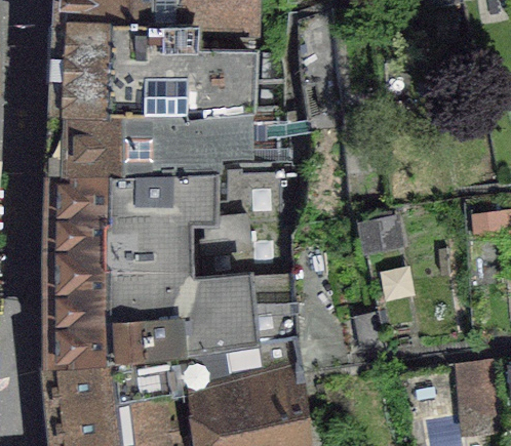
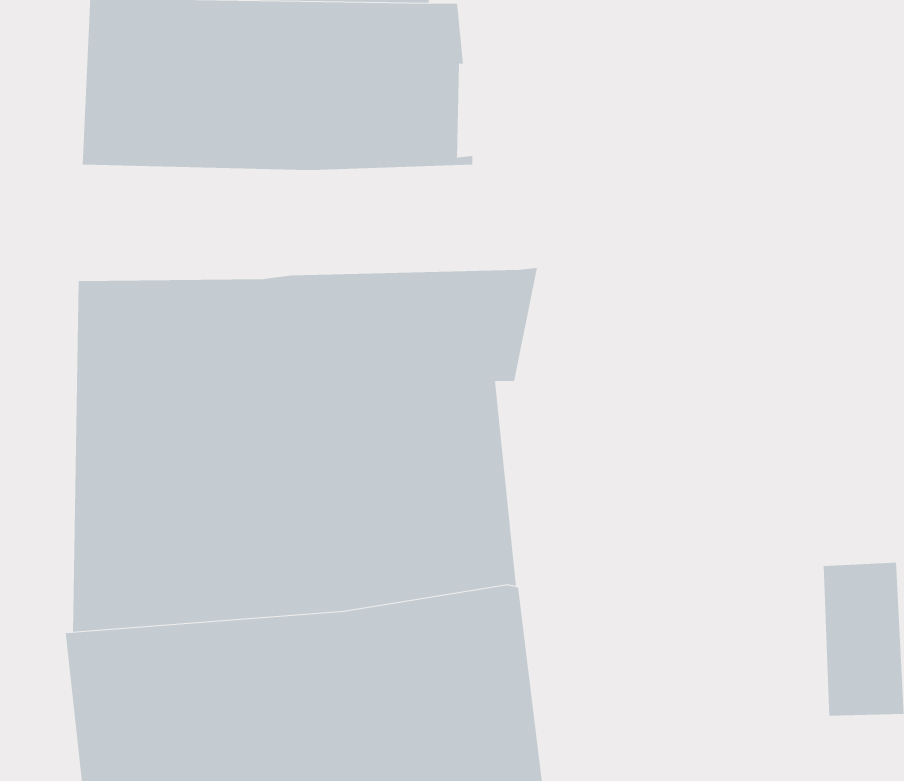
building: [48,108,293,171] -> none

